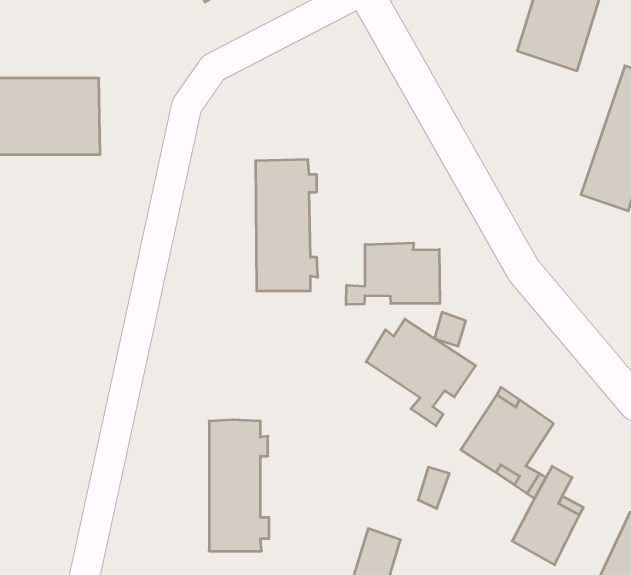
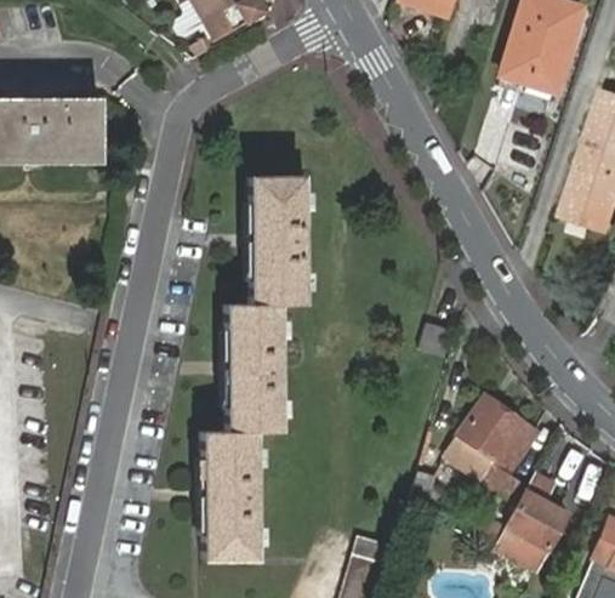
building: [346,243,440,305] -> none
building: none -> [226,304,286,431]
building: [366,319,476,426] -> none

